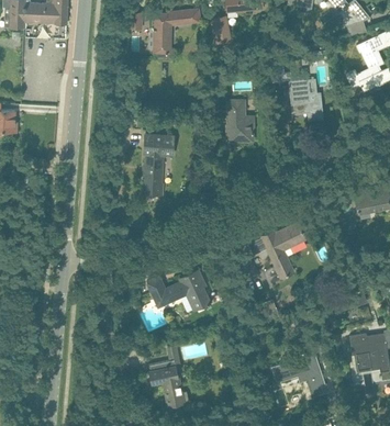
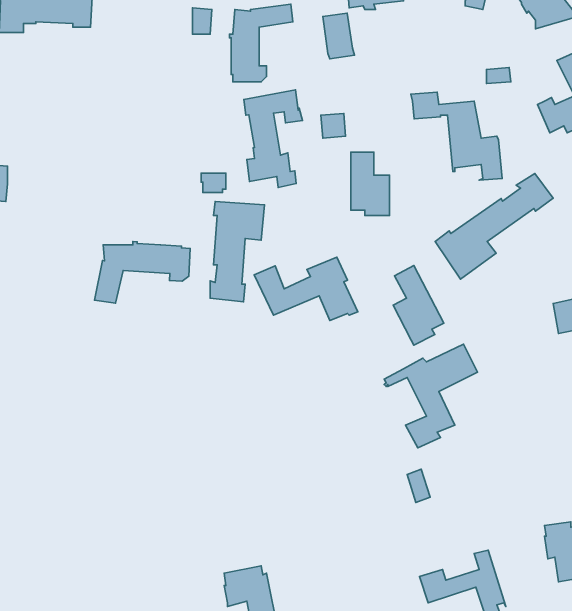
building: none -> [244,90,302,187]
building: none -> [435,173,553,279]
building: none -> [94,241,190,303]
building: none -> [393,266,444,345]
building: [146,270,211,310] -> [254,257,358,321]

